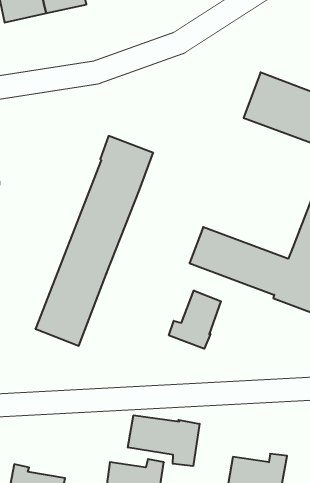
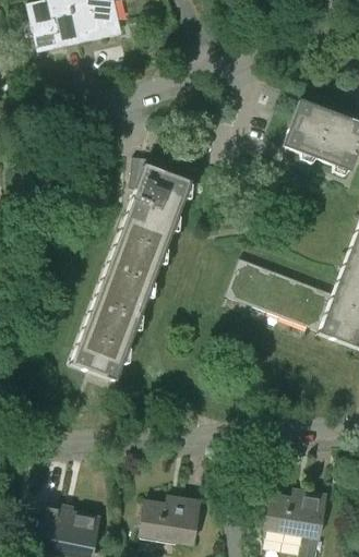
building: [169,290,221,349] -> none
building: [128,415,200,466] -> none

